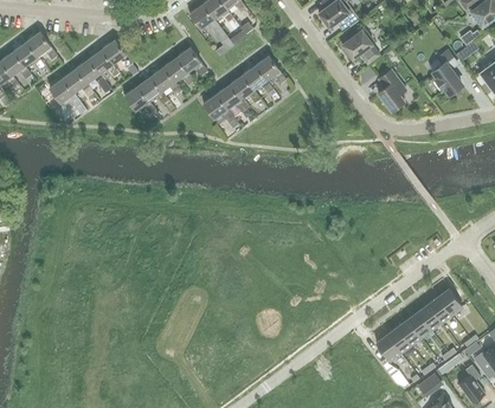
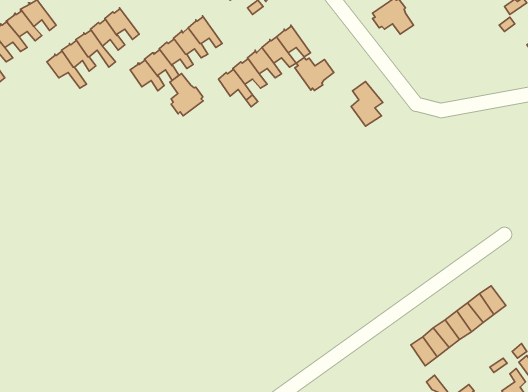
building: [433,51,462,93] -> none
building: [378,70,406,110] -> [351,82,383,126]
building: none -> [295,58,334,90]
building: none -> [170,73,203,116]

